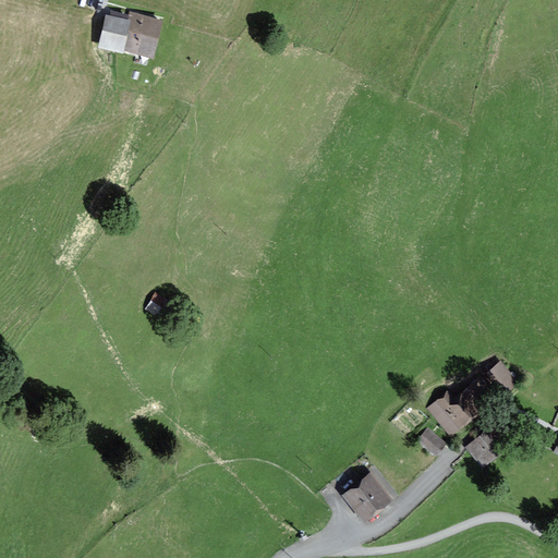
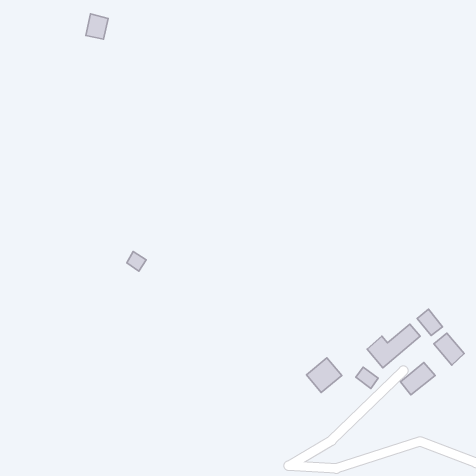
building: [121,13,158,54] -> none
building: none -> [434,333,464,365]
building: [345,477,387,518] -> [306,358,342,392]

